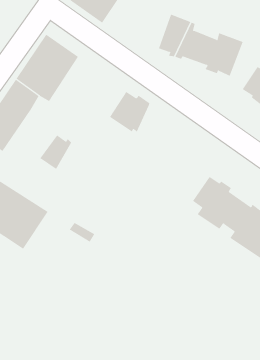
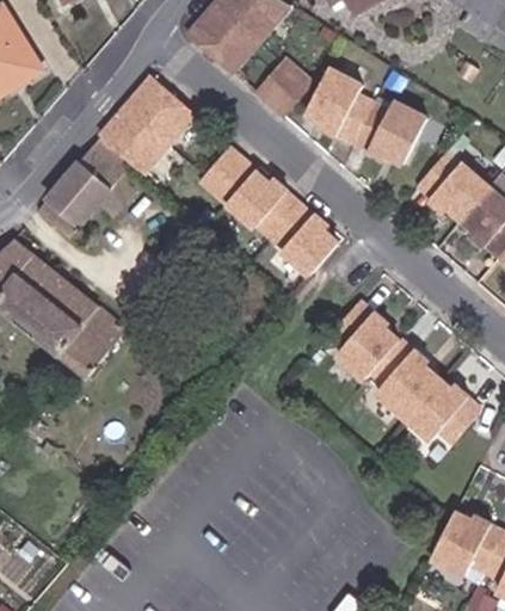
building: none -> [255,62,310,116]
building: none -> [201,150,253,204]
building: none -> [263,195,338,276]
building: [40,134,72,170] -> none

